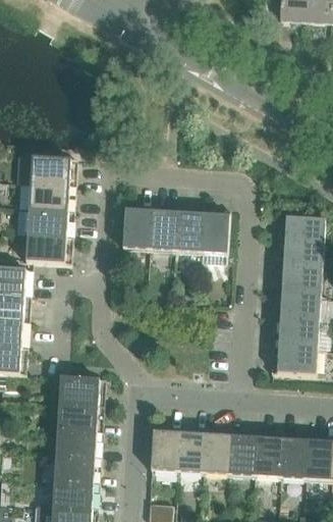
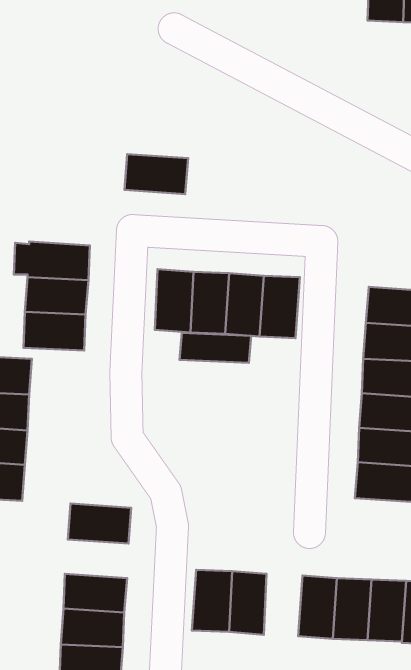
building: [30,157,76,187] -> [125,154,188,194]
building: none -> [180,333,251,363]
building: [56,404,103,432] -> none
building: [203,429,231,475] -> none

